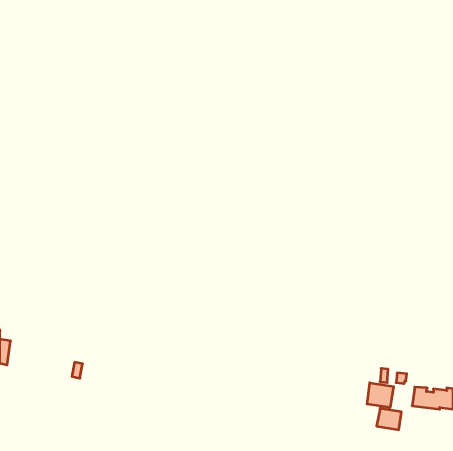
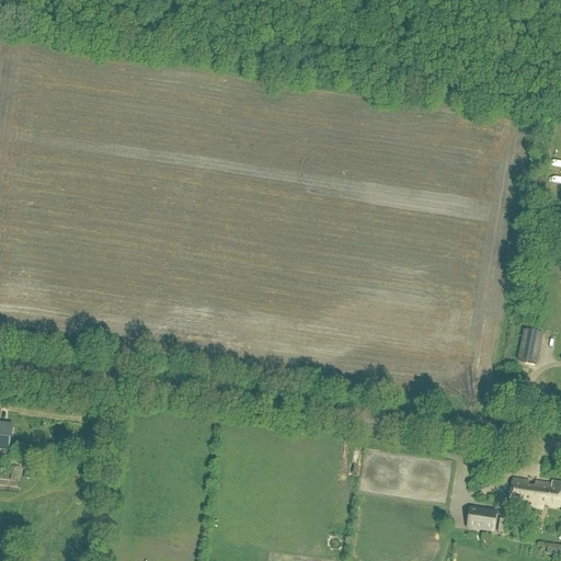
building: none -> [516,328,541,362]
building: [367,383,394,408] -> none

